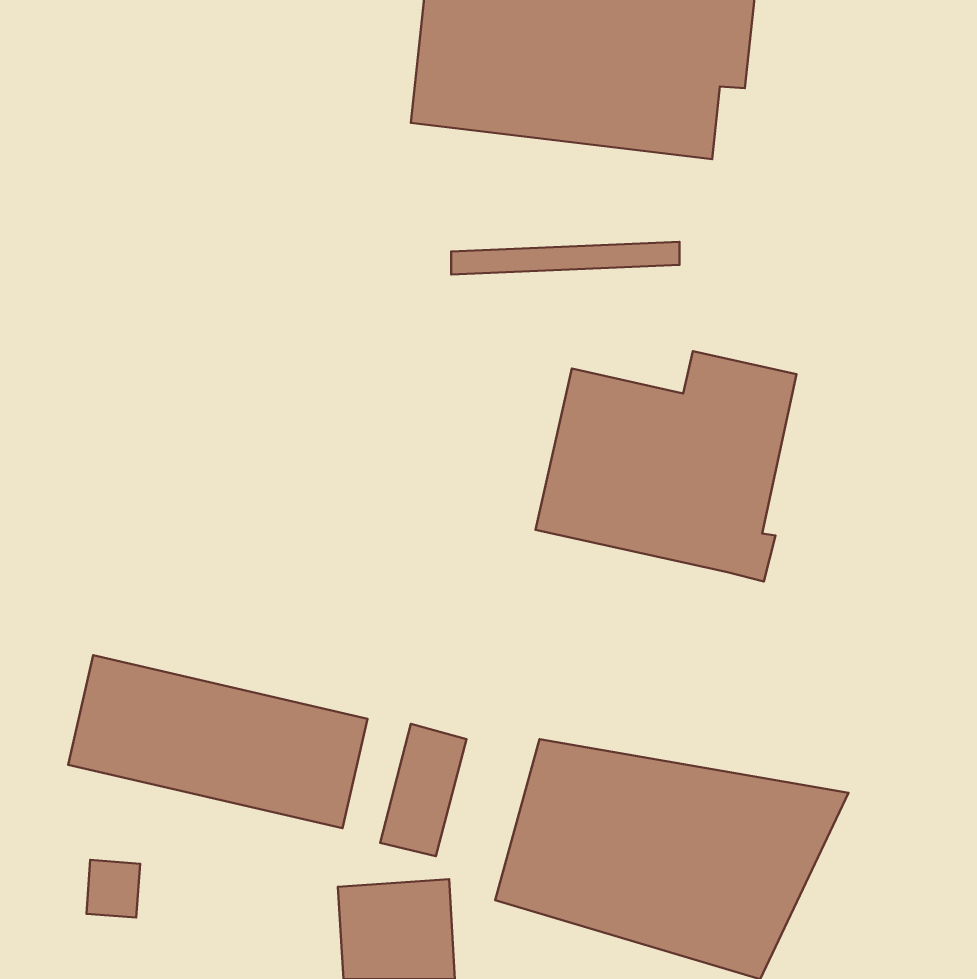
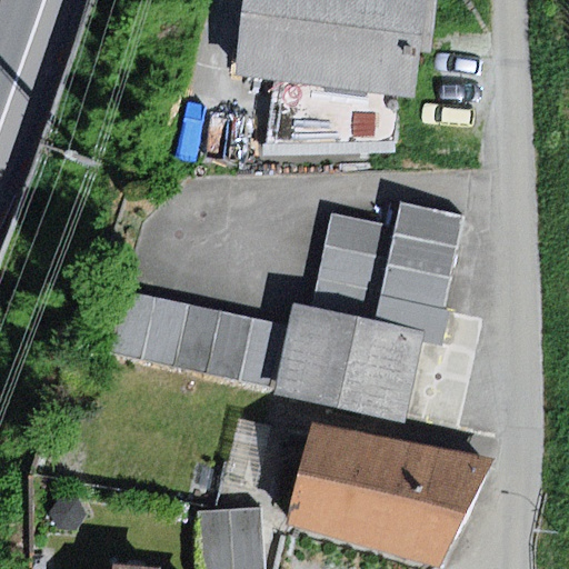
building: none -> [277,303,421,418]
building: [68,655,368,828] -> [108,290,281,390]

